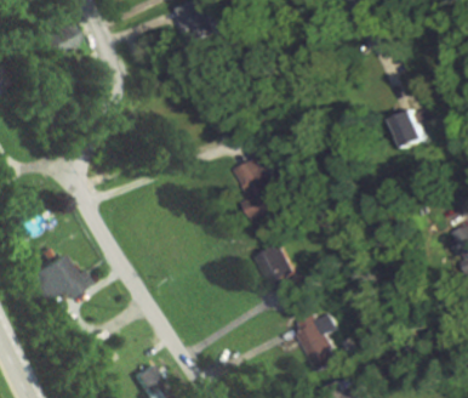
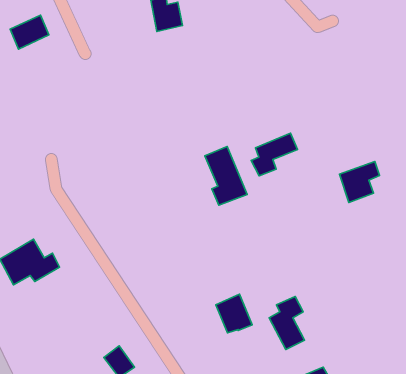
building: [387,106,428,148] -> [339,161,379,202]
building: none -> [251,133,297,176]
building: [253,245,291,285] -> [216,294,252,333]

